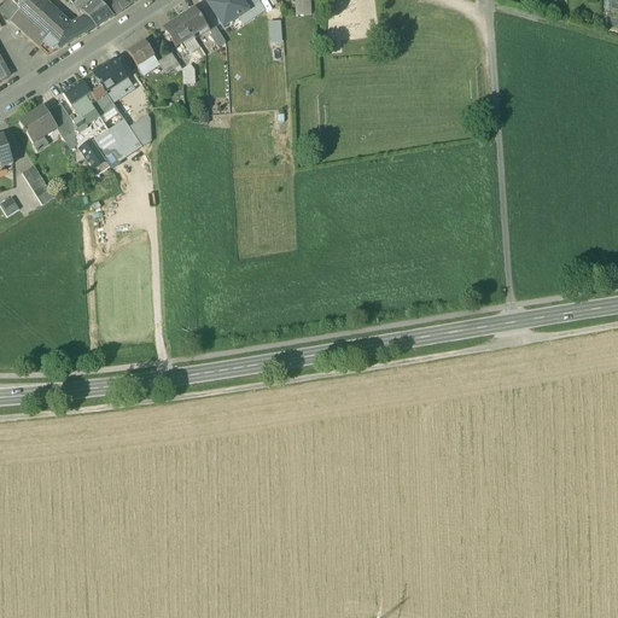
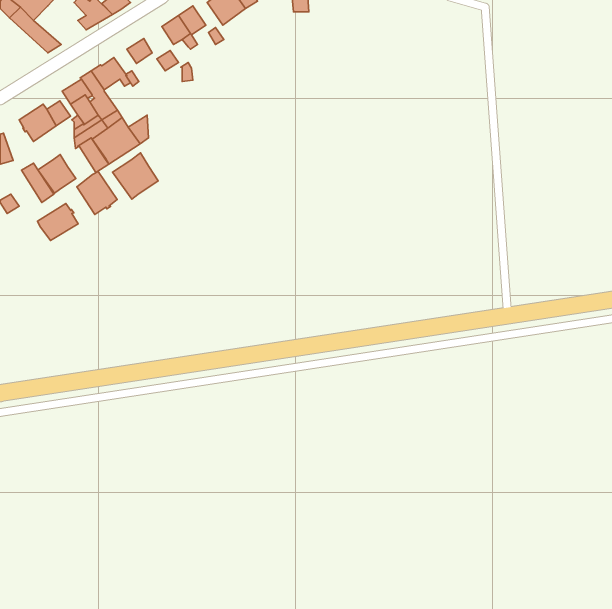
building: [34,6,87,45] -> none
building: none -> [113,153,158,199]
building: none -> [38,154,76,193]
building: none -> [77,171,117,215]
building: none -> [37,203,78,240]

